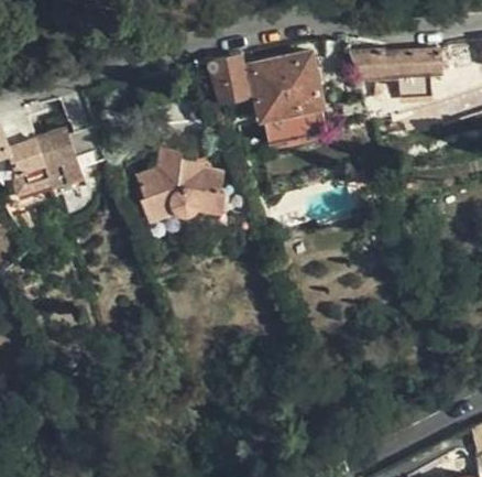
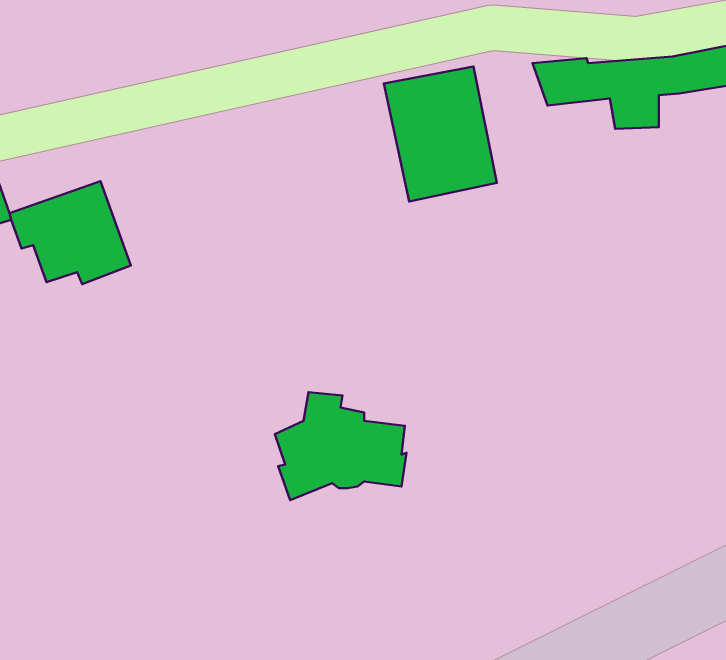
building: [205,55,253,102] -> none
building: [138,150,223,220] -> [275,392,406,500]

